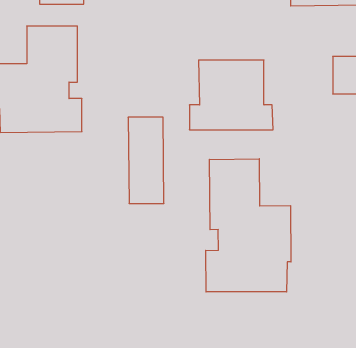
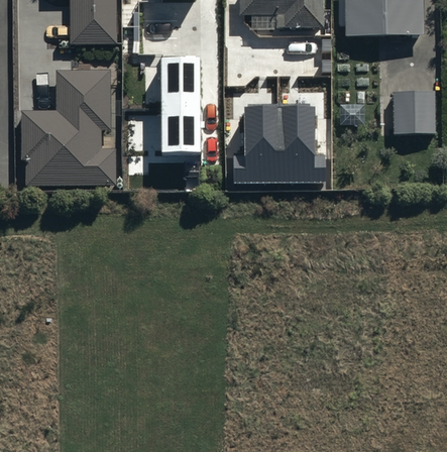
building: [128,117,164,203] -> [161,58,201,152]
building: [206,159,291,292] -> none

